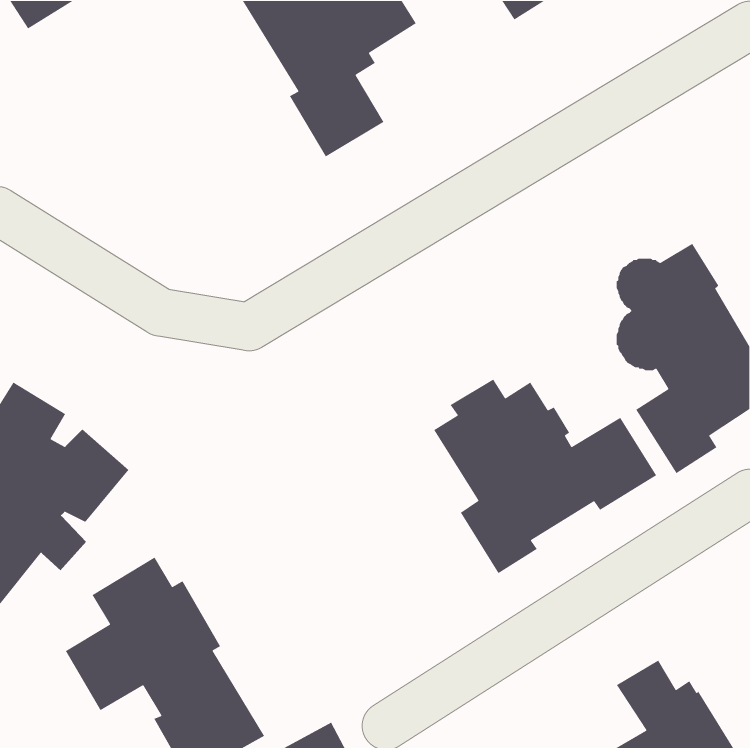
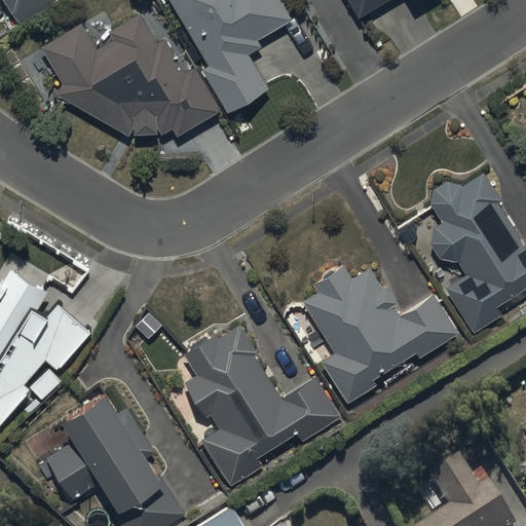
building: none -> [40,14,220,137]
building: none -> [183,326,341,486]

